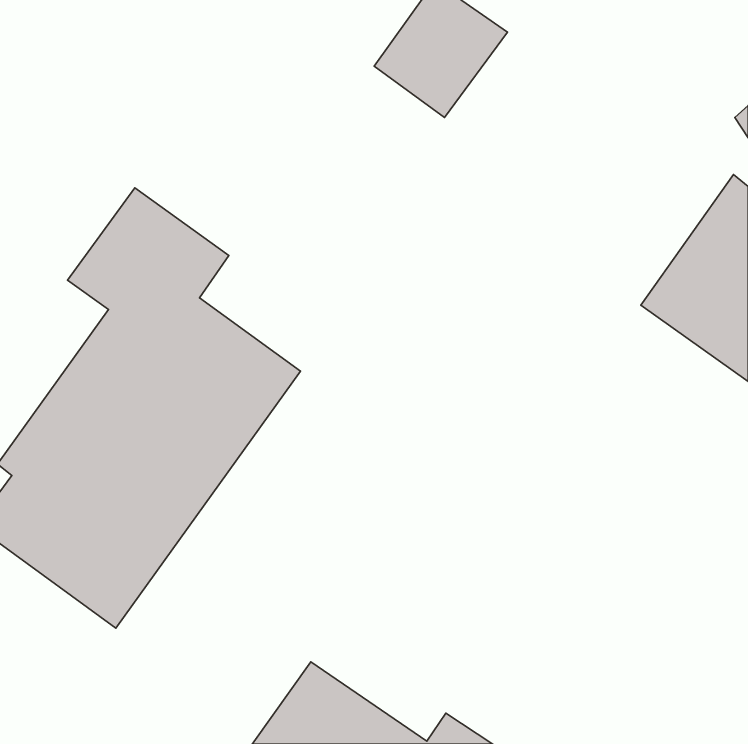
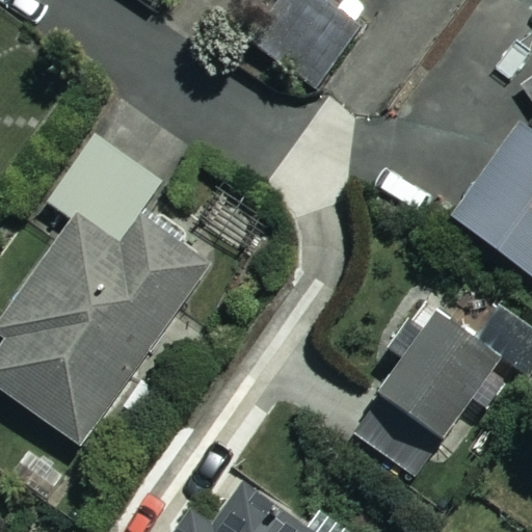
building: none -> [349,297,503,479]

